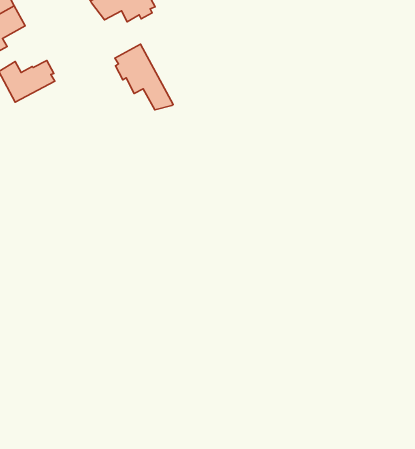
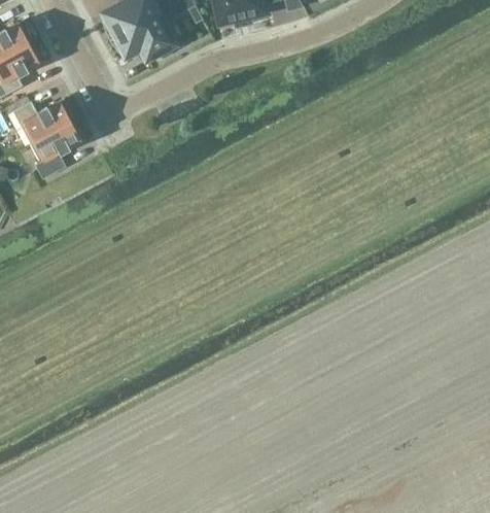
building: [115,44,173,110] -> none
building: none -> [30,122,81,178]

